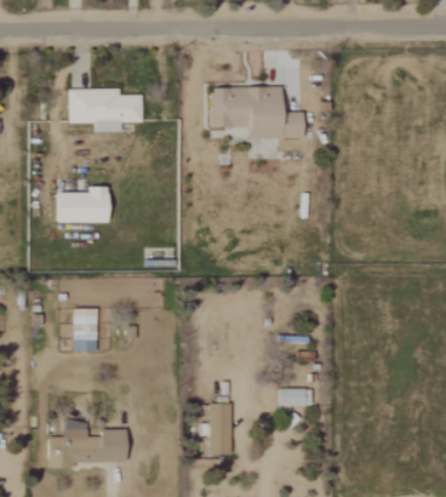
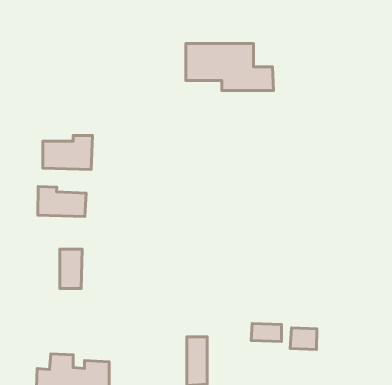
building: [69,87,143,131] -> none
building: none -> [38,186,86,216]
building: none -> [290,328,317,350]

